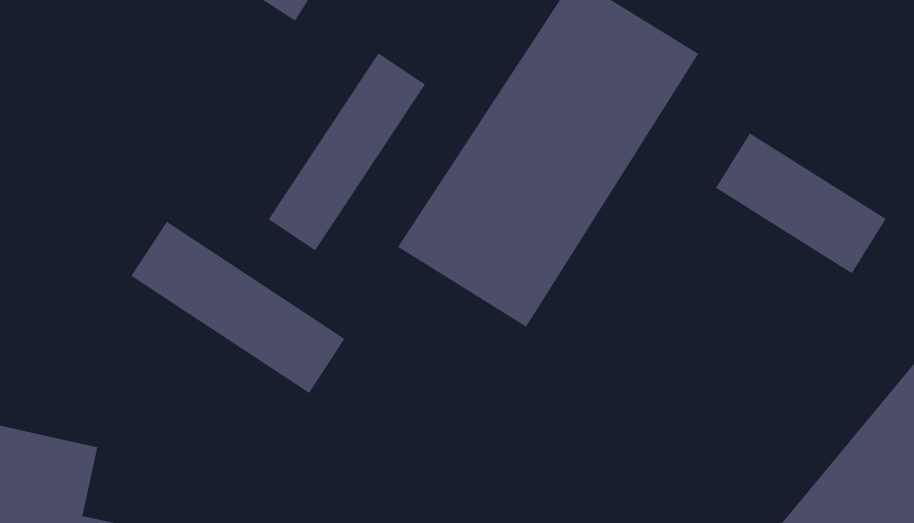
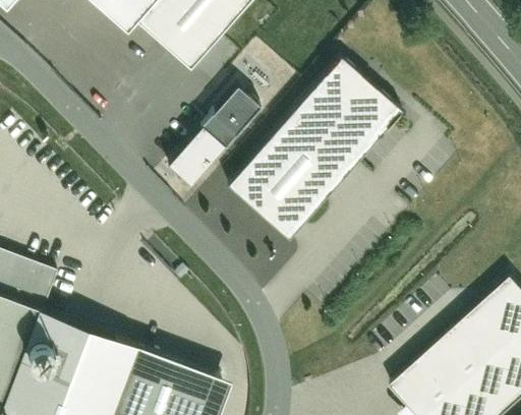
building: [715,133,886,274] -> none
building: [131,221,345,394] -> none

